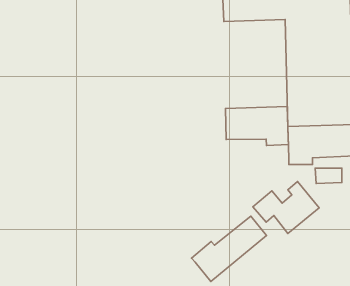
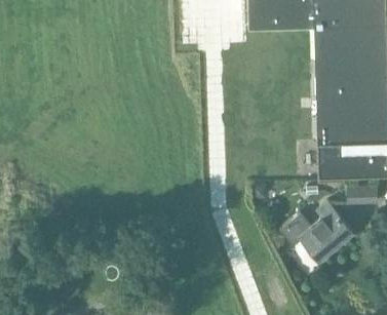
building: [225,107,288,146] -> none
building: [192,216,267,281] -> none

